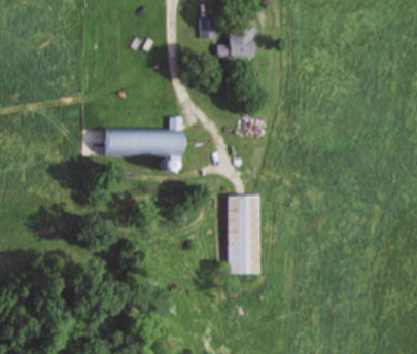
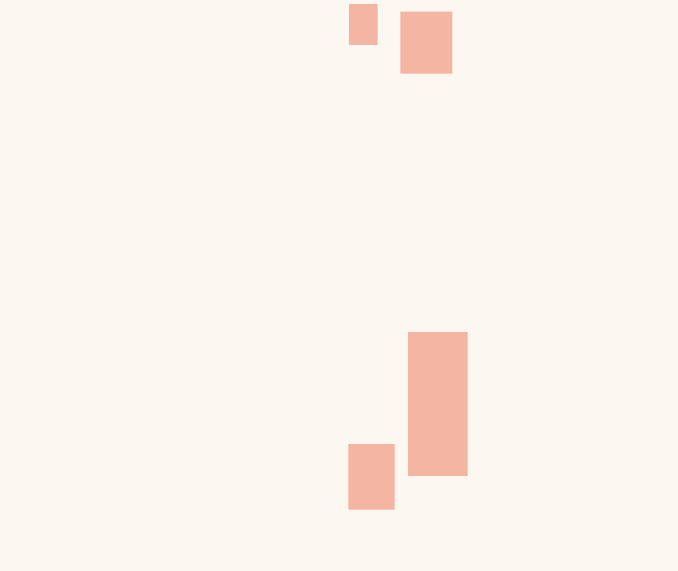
building: [101,117,188,156] -> none
building: none -> [348,443,395,511]

